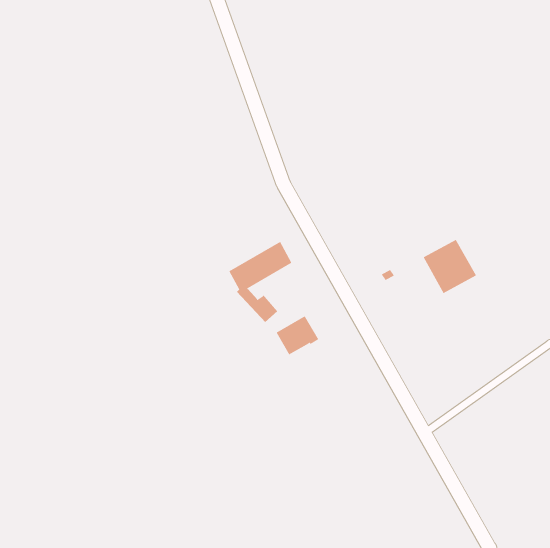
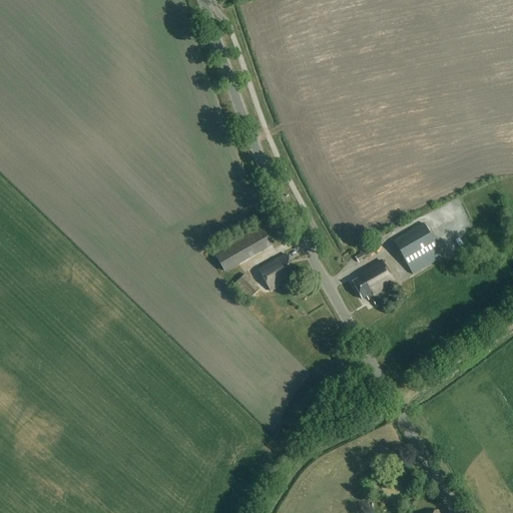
building: none -> [354,261,396,305]
building: [276,315,319,355] -> [259,251,299,289]

